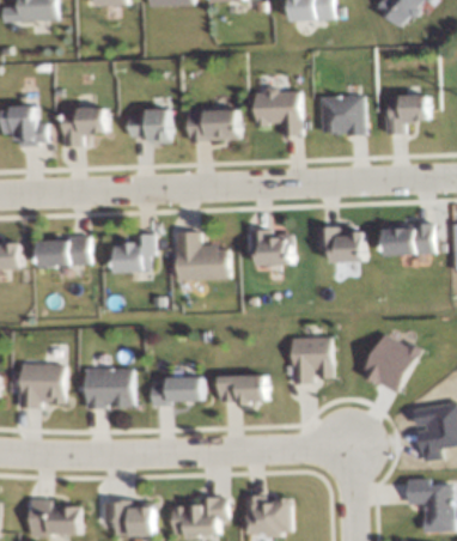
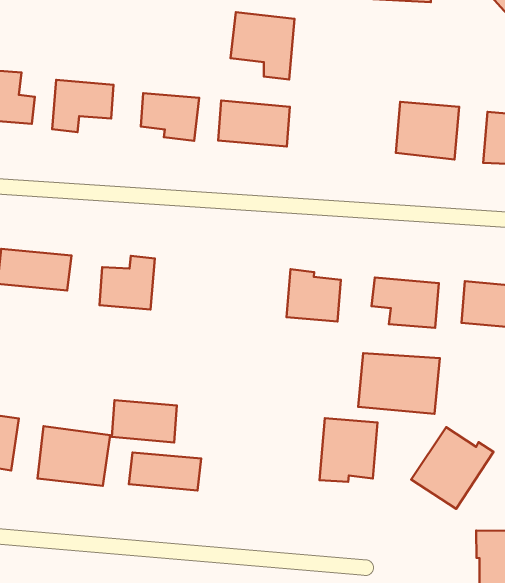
building: [255,90,300,135] -> [230,12,295,79]
building: [175,232,228,280] -> none
building: none -> [358,353,440,414]
building: [218,375,266,403] -> [112,400,177,442]

